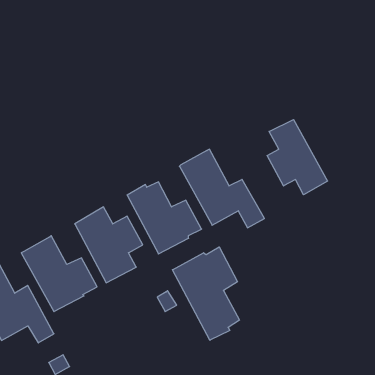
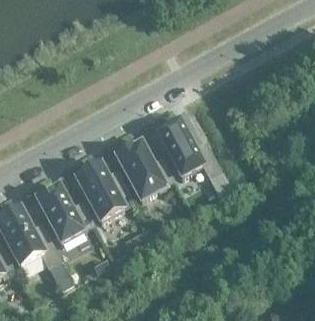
building: [267,120,328,195] -> none
building: [172,247,239,340] -> none

